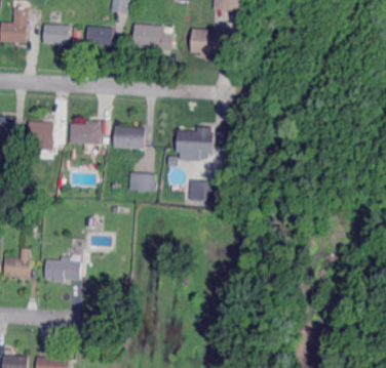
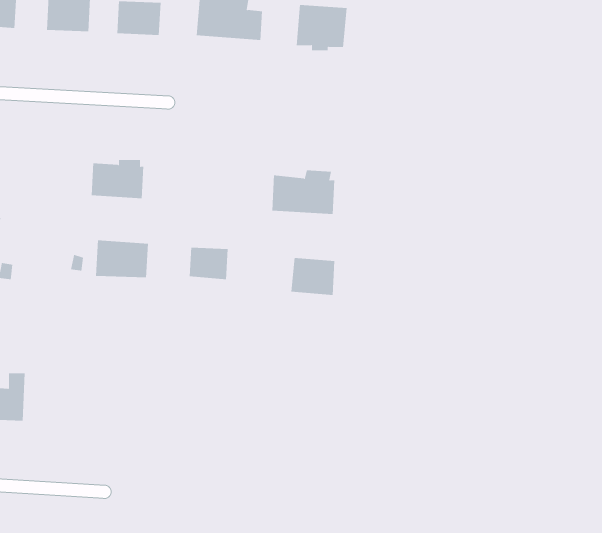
building: [28,122,54,150] -> none
building: [113,125,145,148] -> [95,240,149,278]
building: [45,255,81,281] -> none

